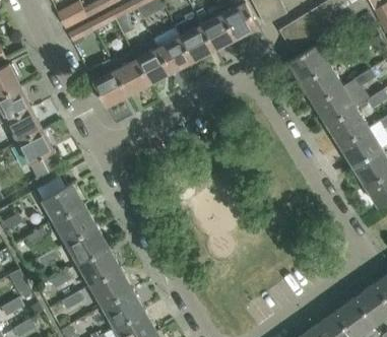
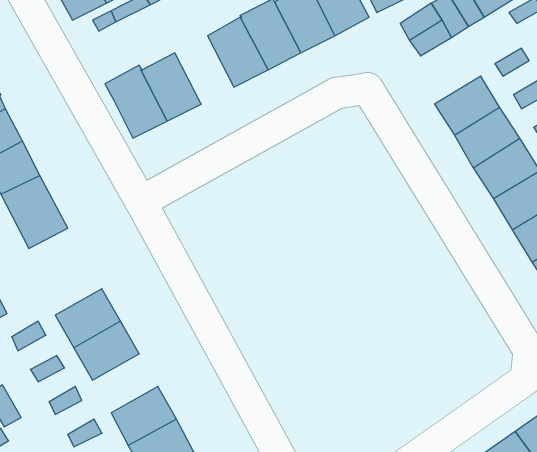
building: [132,40,171,84] -> none
building: [288,45,332,84] -> none
building: [42,184,84,222] -> none
building: [78,248,121,286] -> none

